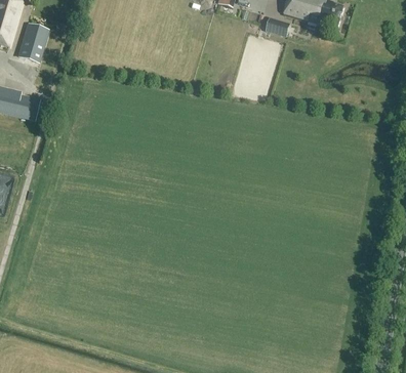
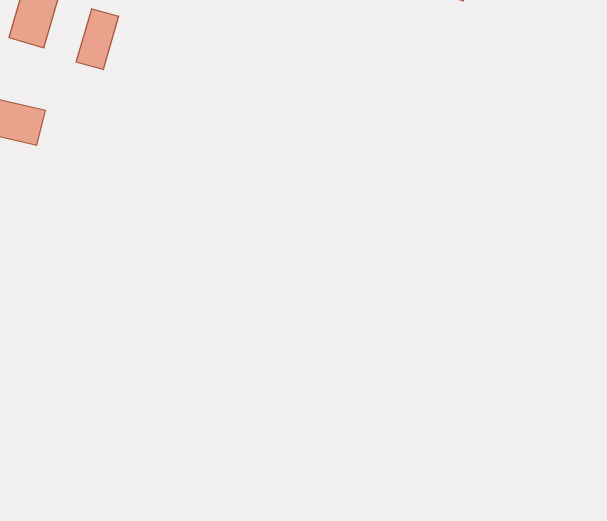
building: none -> [76,9,119,70]

